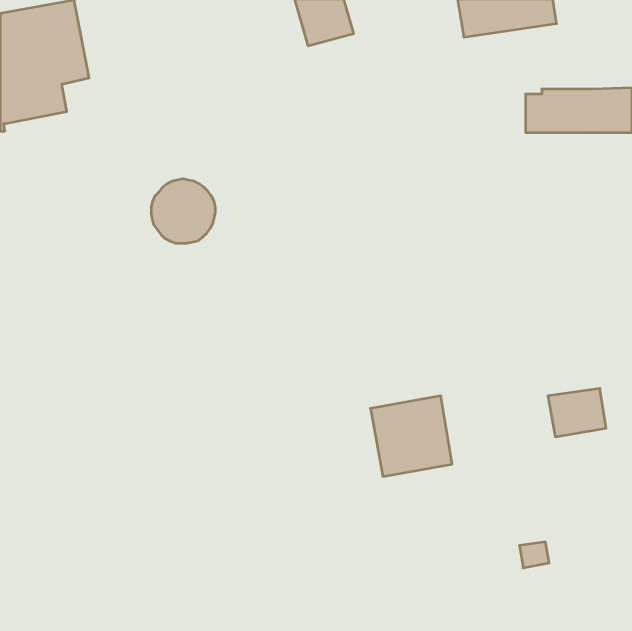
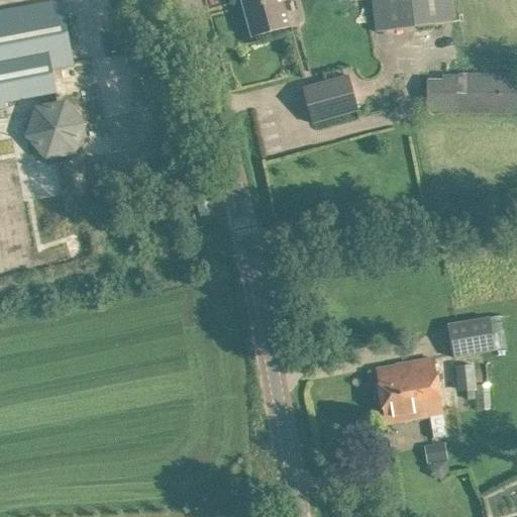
building: none -> [302,74,357,121]
building: [151,179,215,243] -> [29,103,82,156]
building: [370,396,452,476] -> [376,358,442,424]
building: none -> [454,364,476,392]

